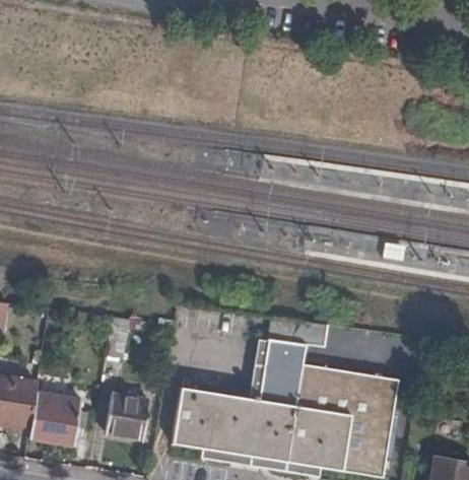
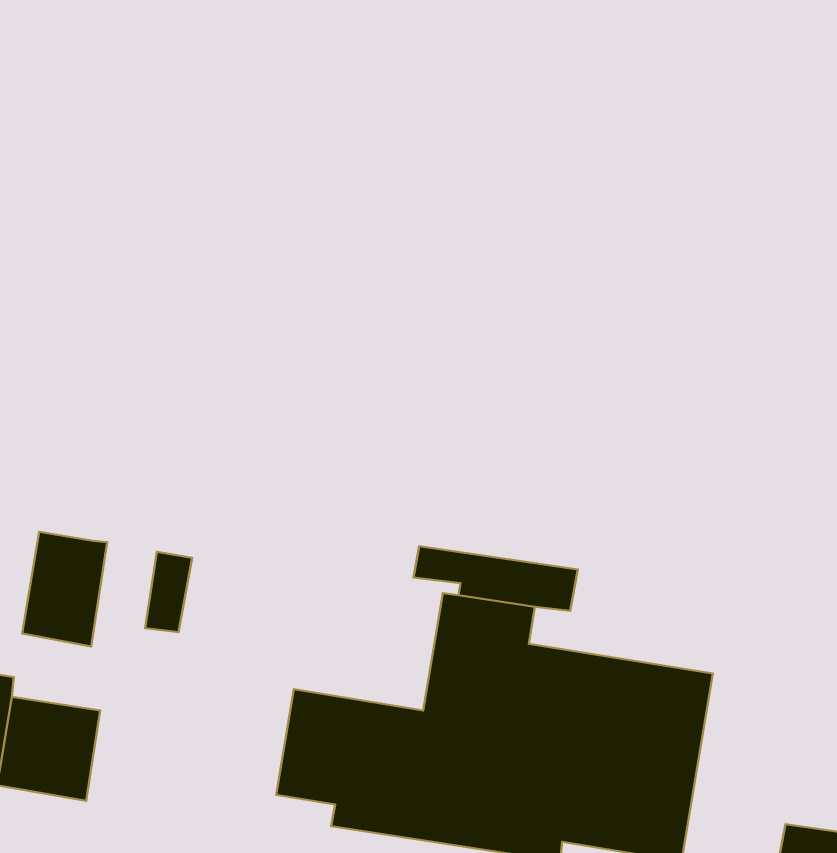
building: none -> [22,532,107,646]
building: [105,395,149,439] -> none

